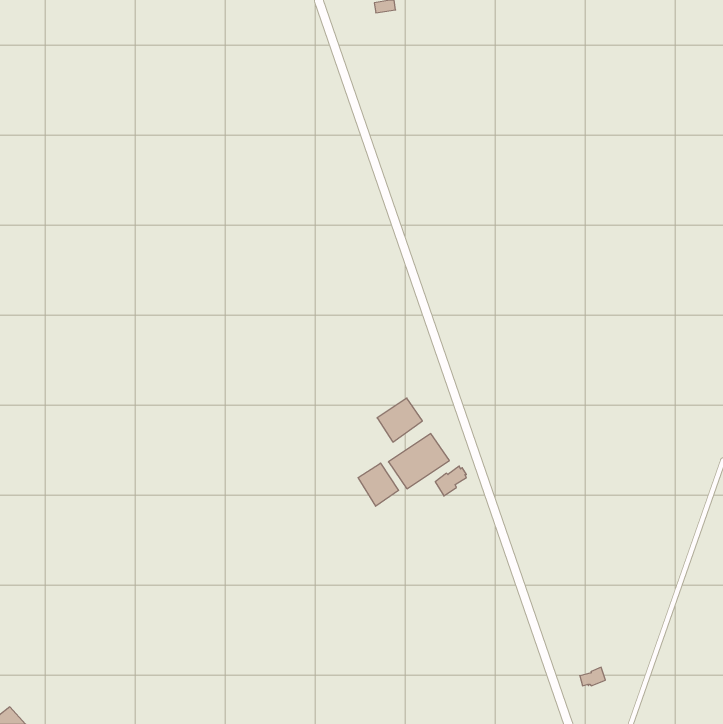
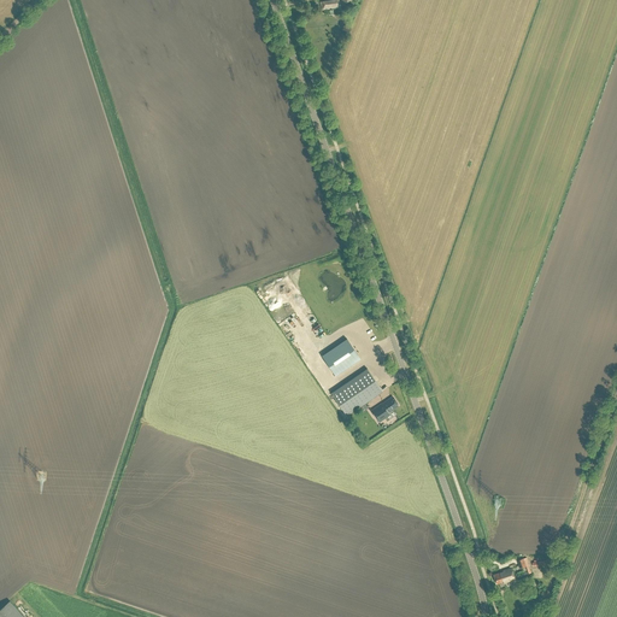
building: [358,463,399,506] -> none

